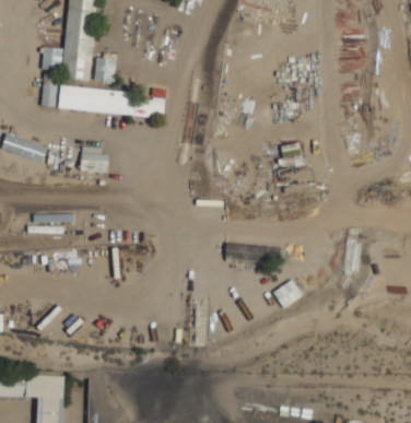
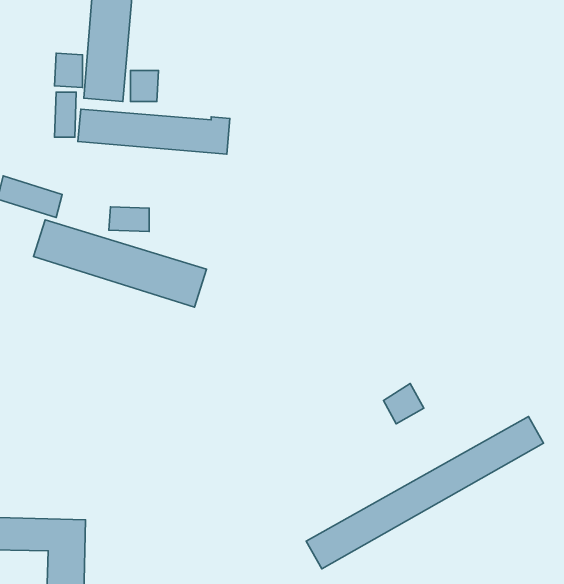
building: none -> [34,220,206,307]
building: none -> [306,416,543,569]

